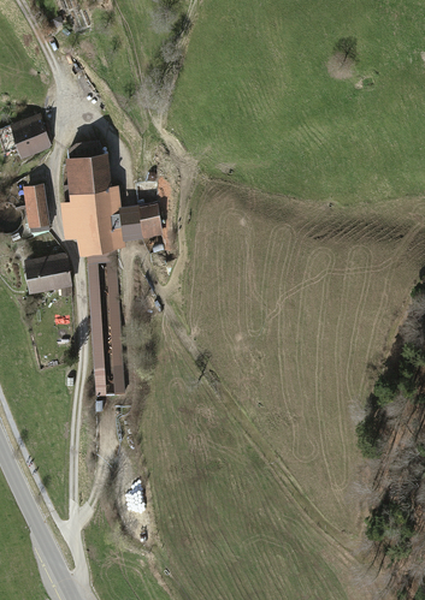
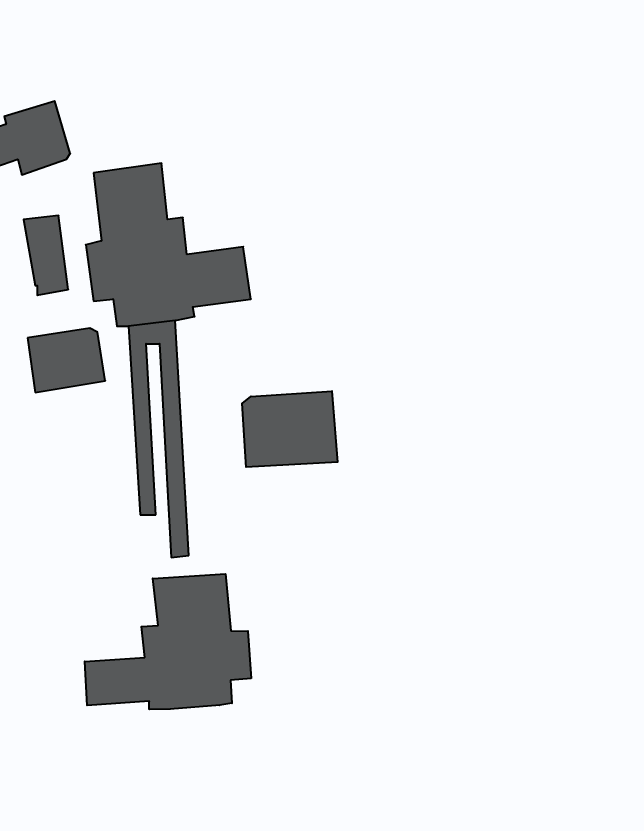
building: none -> [242,391,338,467]
building: none -> [85,574,251,709]

